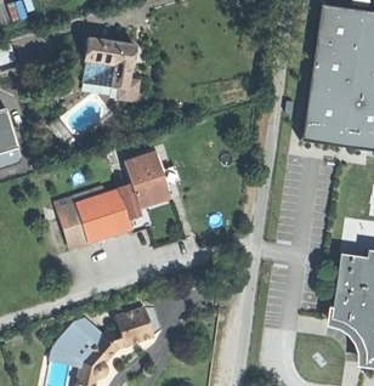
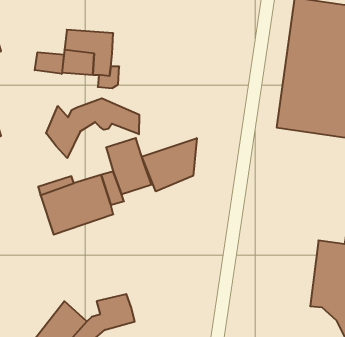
building: none -> [35,52,64,74]
building: none -> [46,98,139,158]
building: none -> [142,138,197,191]

